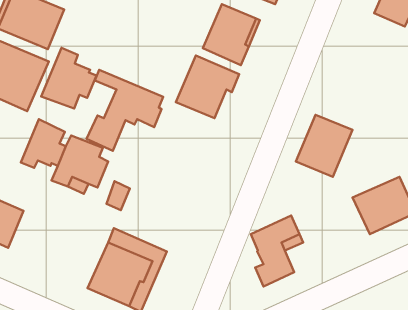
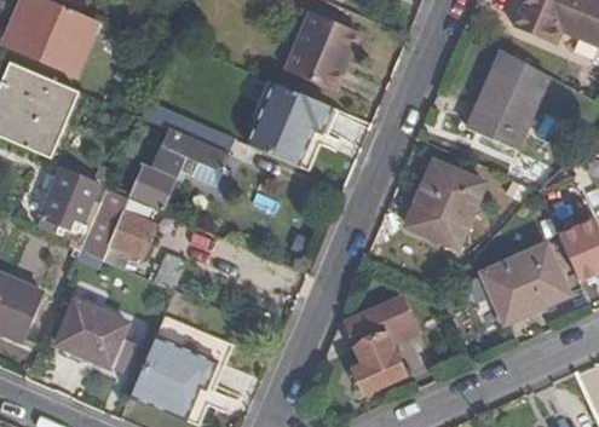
building: none -> [467,69,541,150]
building: [41,48,96,108] -> none
building: none -> [56,300,129,370]

